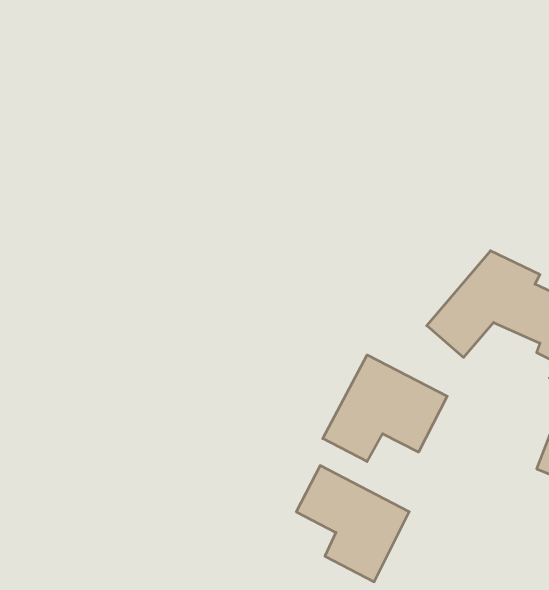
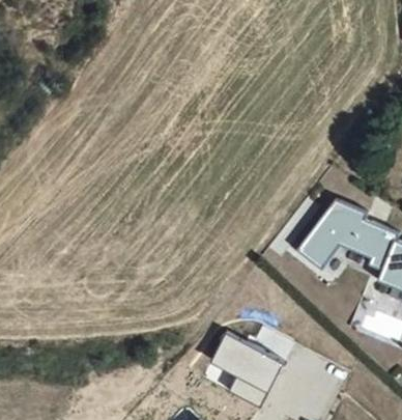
building: [323,355,447,462] -> none

